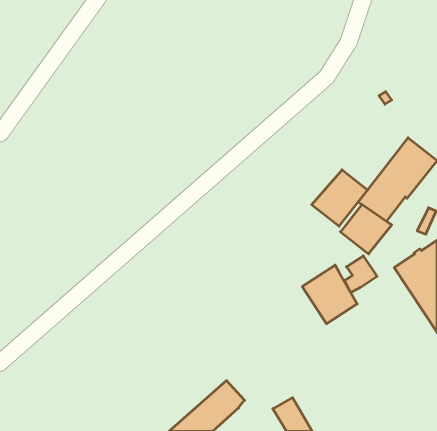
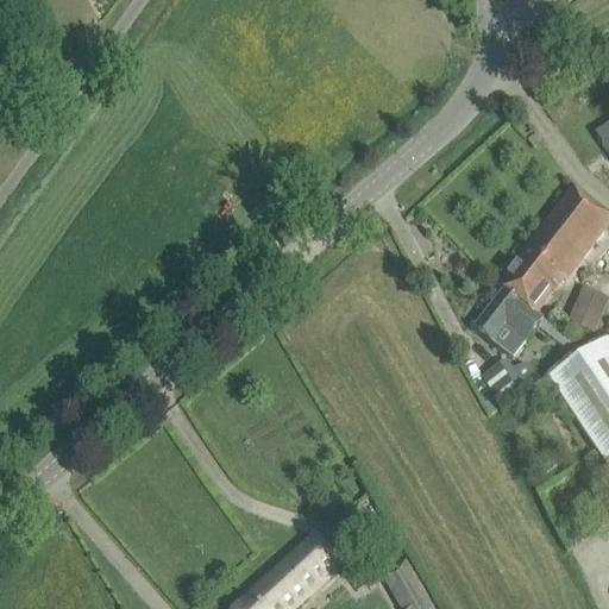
building: [312,170,368,226] -> none
building: [302,265,357,324] -> none

